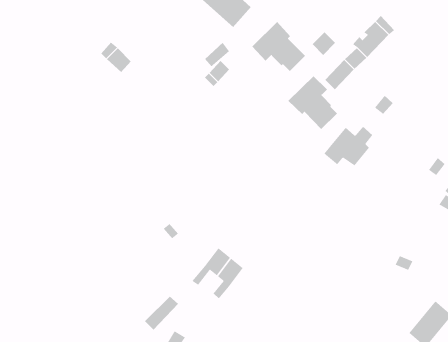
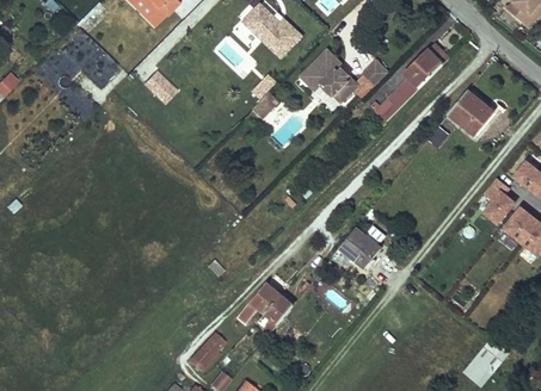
building: none -> [449,89,493,134]
building: [287,76,338,130] -> none
building: [324,126,373,166] -> [333,225,385,267]

